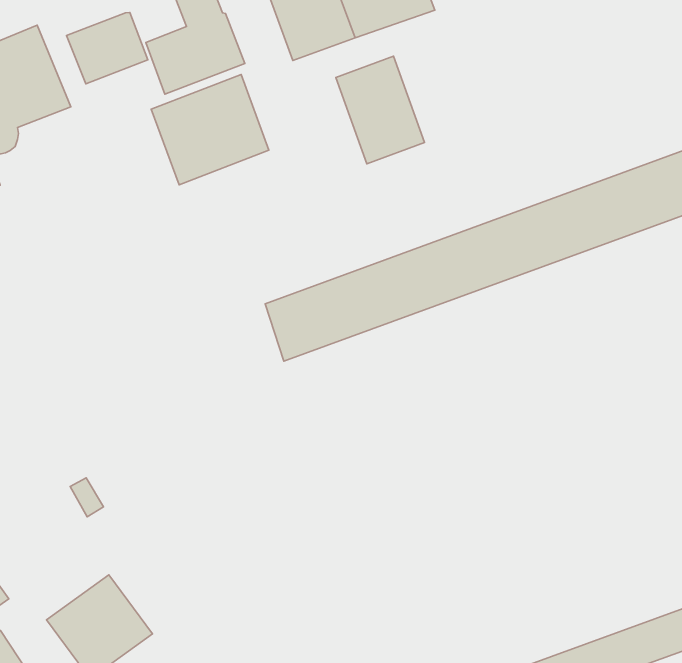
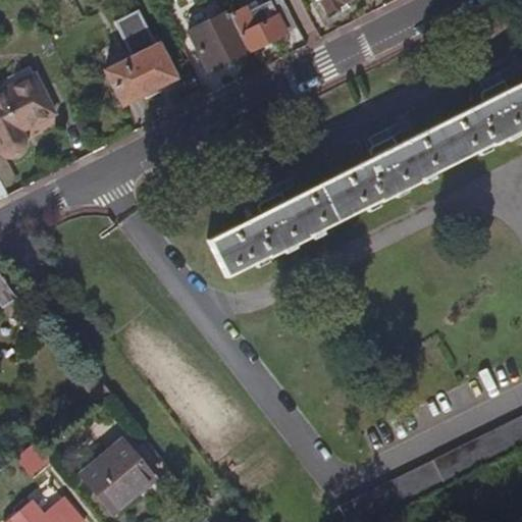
building: [67,12,148,84] -> none
building: [336,56,425,164] -> none
building: [151,75,269,185] -> none

